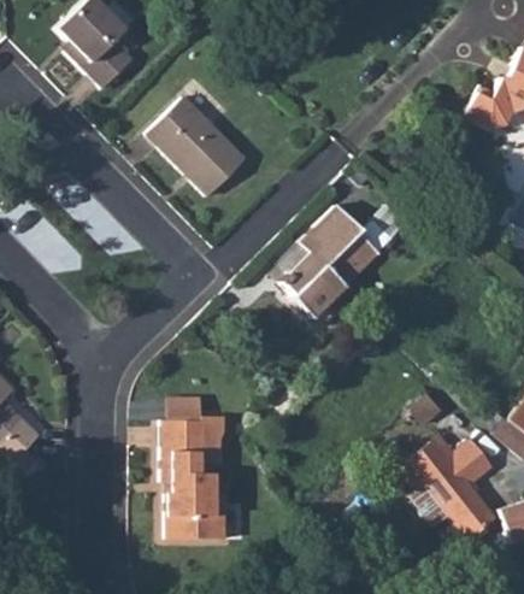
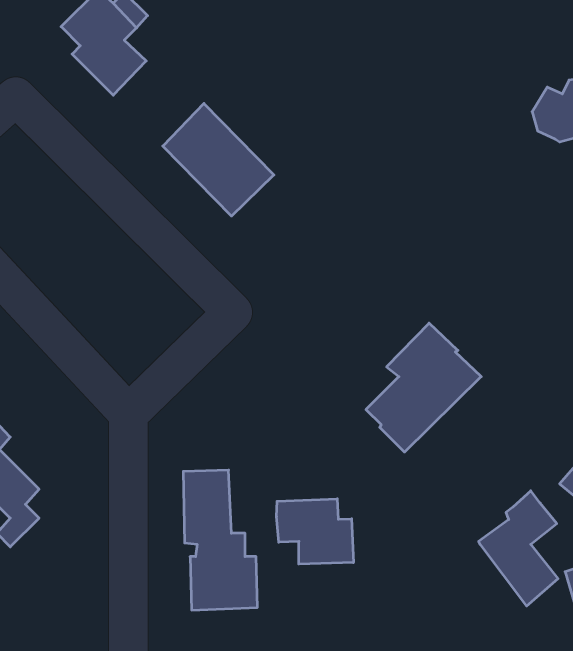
building: [282,204,383,317] -> [366,323,481,452]
building: [401,435,454,488] -> none
building: none -> [277,499,353,564]

